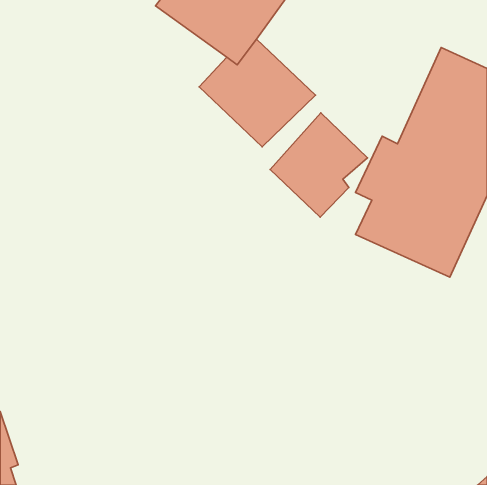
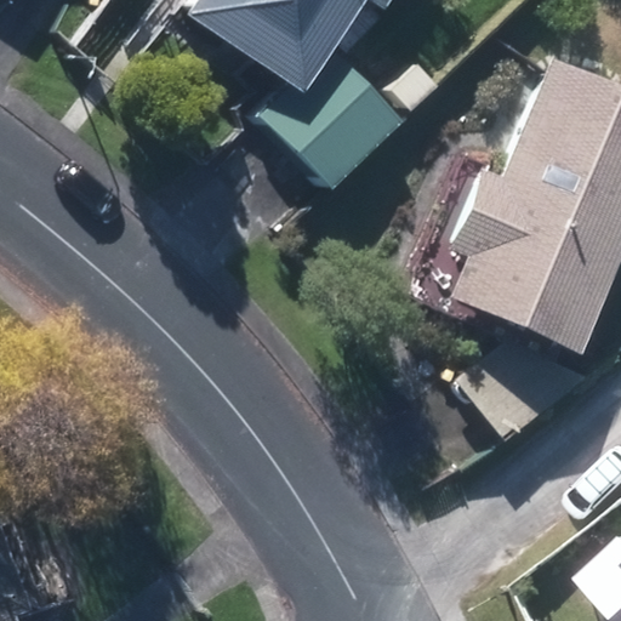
building: [270,113,368,217] -> none

